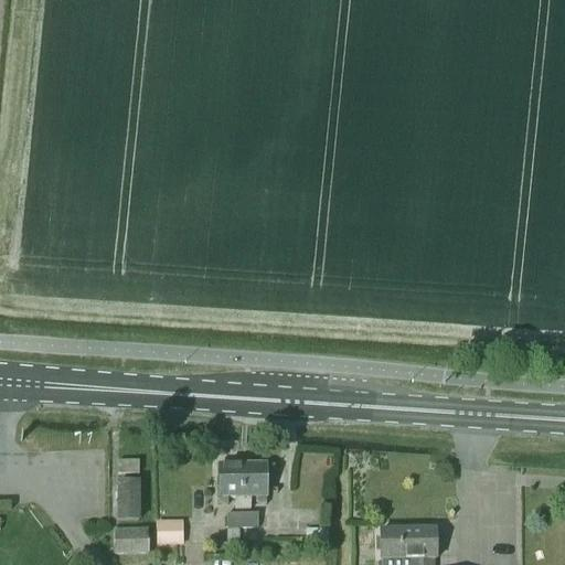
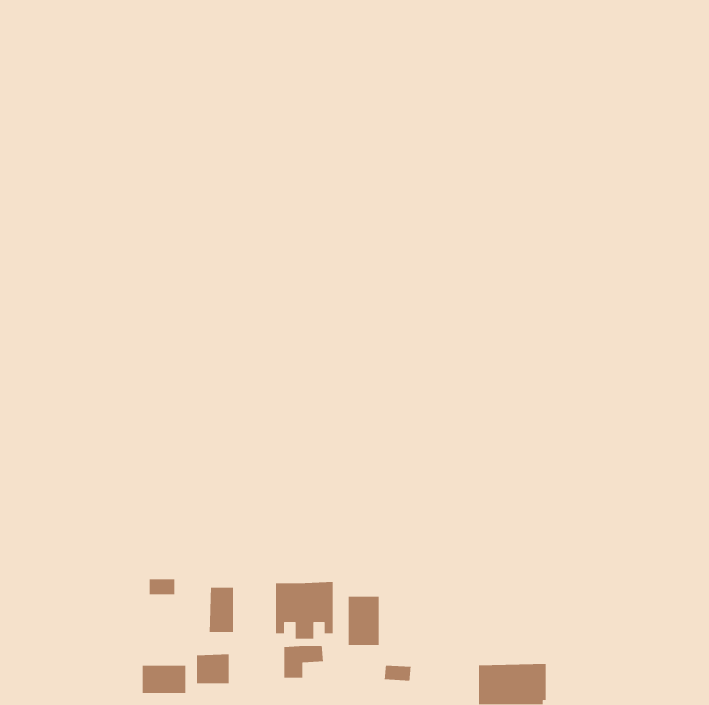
building: none -> [348,596,379,646]
building: [118,481,138,518] -> [209,587,234,633]

